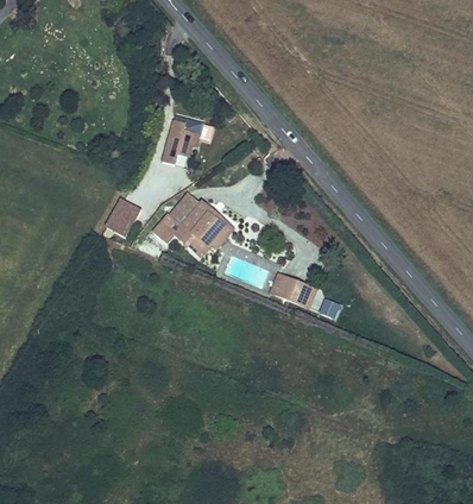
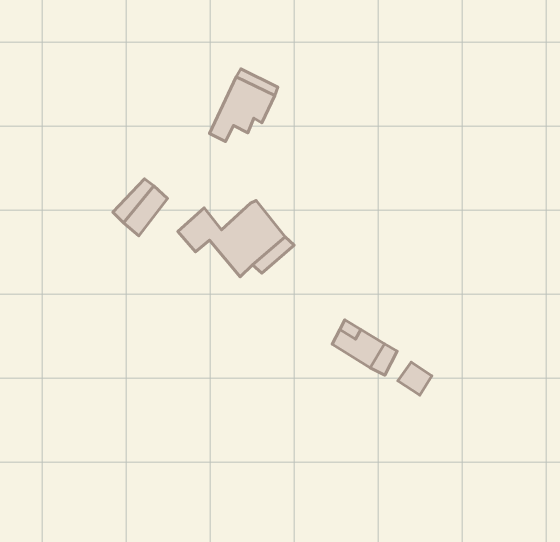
building: [166,191,197,225] -> none

